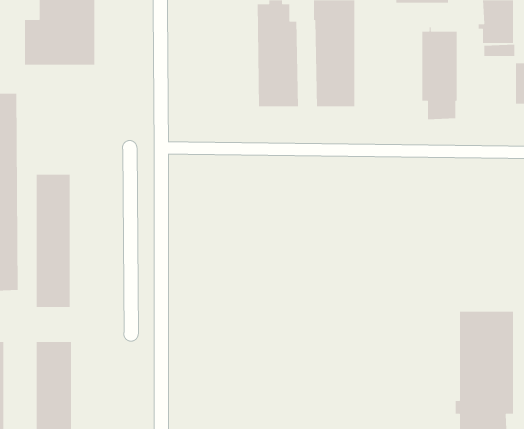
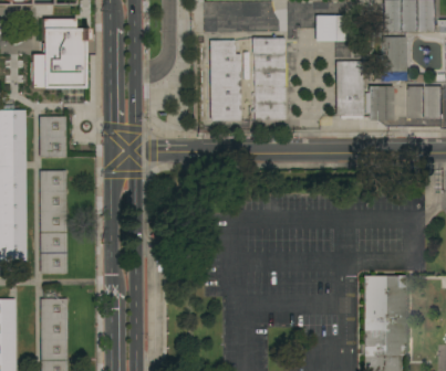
building: none -> [367,86,394,120]
building: none -> [41,116,68,158]

